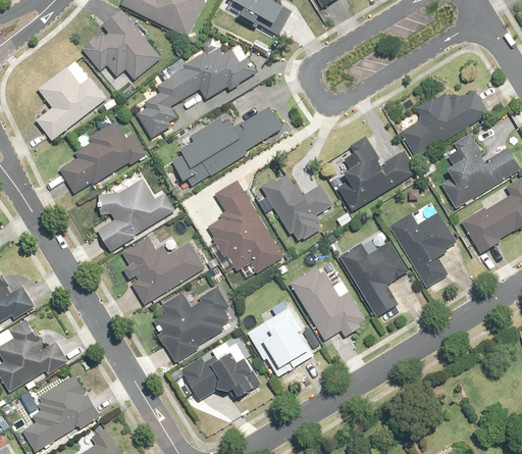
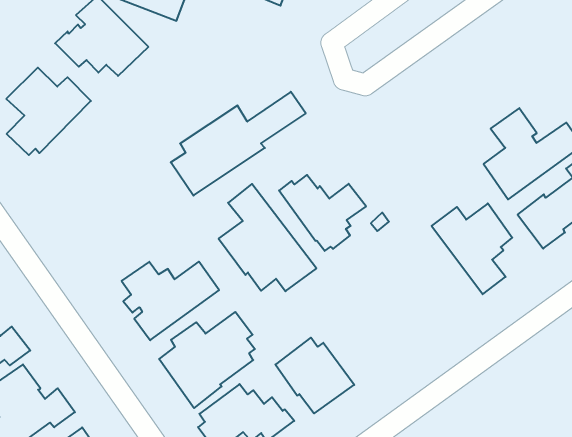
building: [136,46,256,140] -> none
building: [400,91,486,157] -> none
building: [57,121,144,193] -> none
building: [341,137,416,209] -> none
building: [100,175,180,248] -> none
building: [337,242,406,317] -> none
building: [289,268,363,339] -> none

